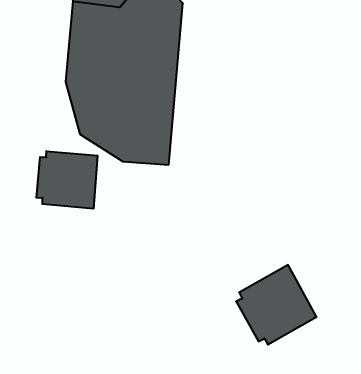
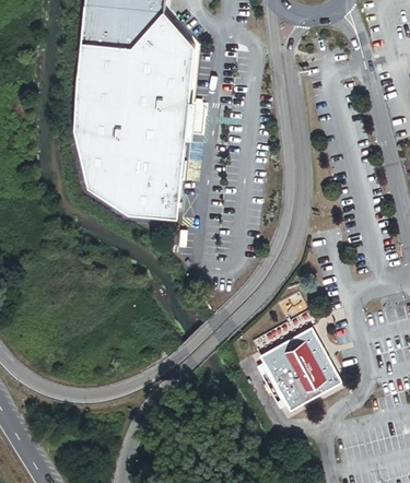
building: [36,151,98,209] -> none

